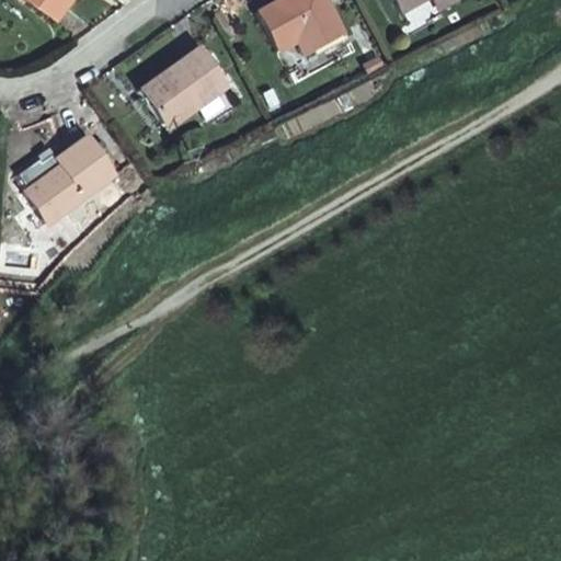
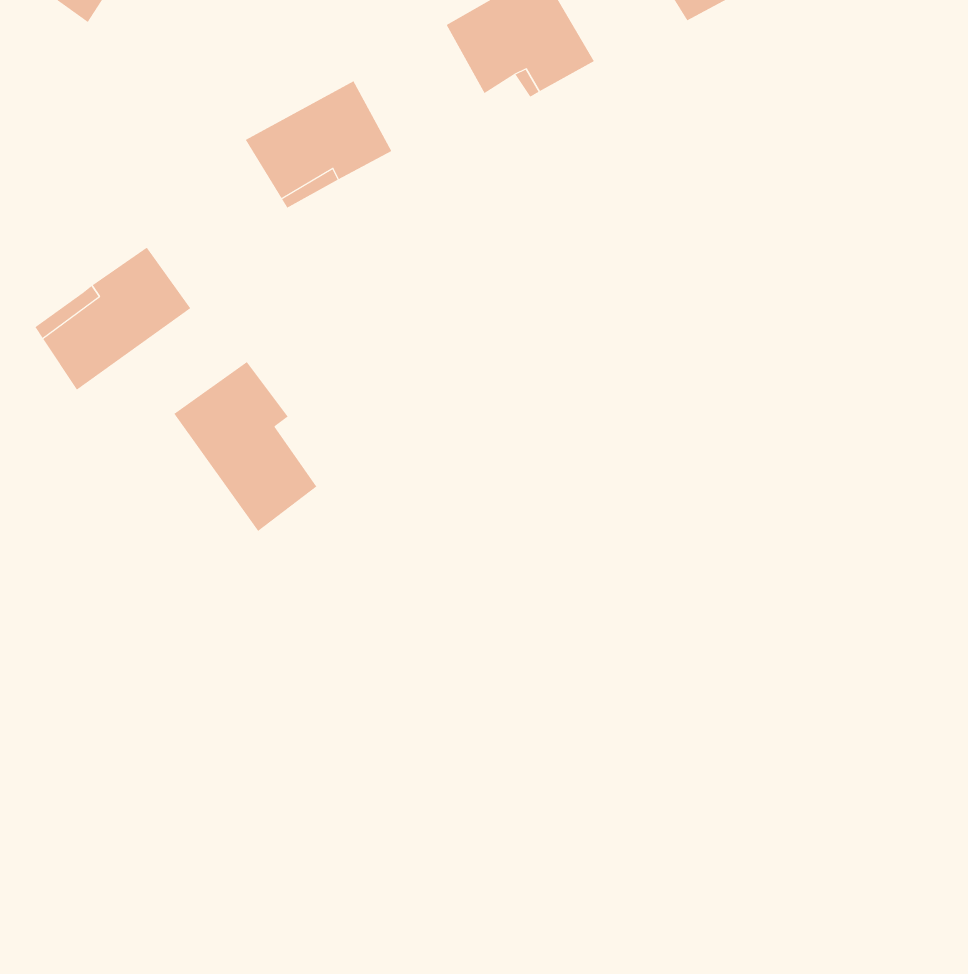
building: none -> [174,361,317,532]

